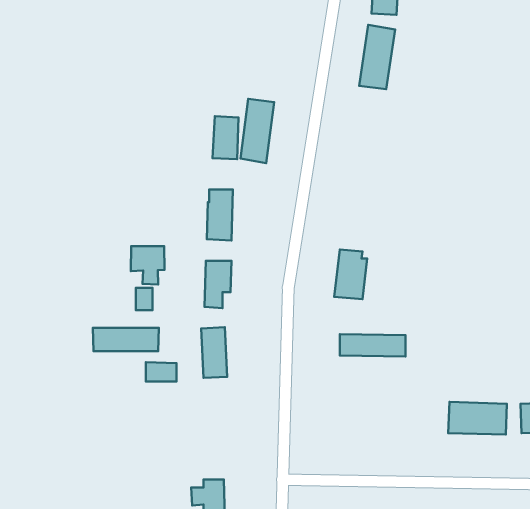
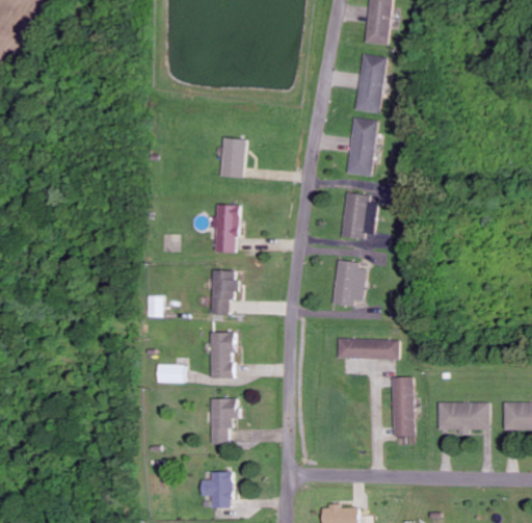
building: [240,99,274,163] -> [347,116,378,176]
building: none -> [342,191,368,239]
building: [131,246,165,284] -> none
building: [93,328,159,351] -> none
building: none -> [391,376,413,436]
building: none -> [210,397,238,443]

